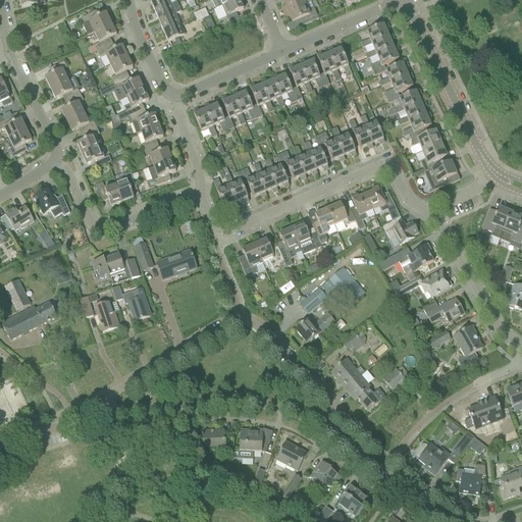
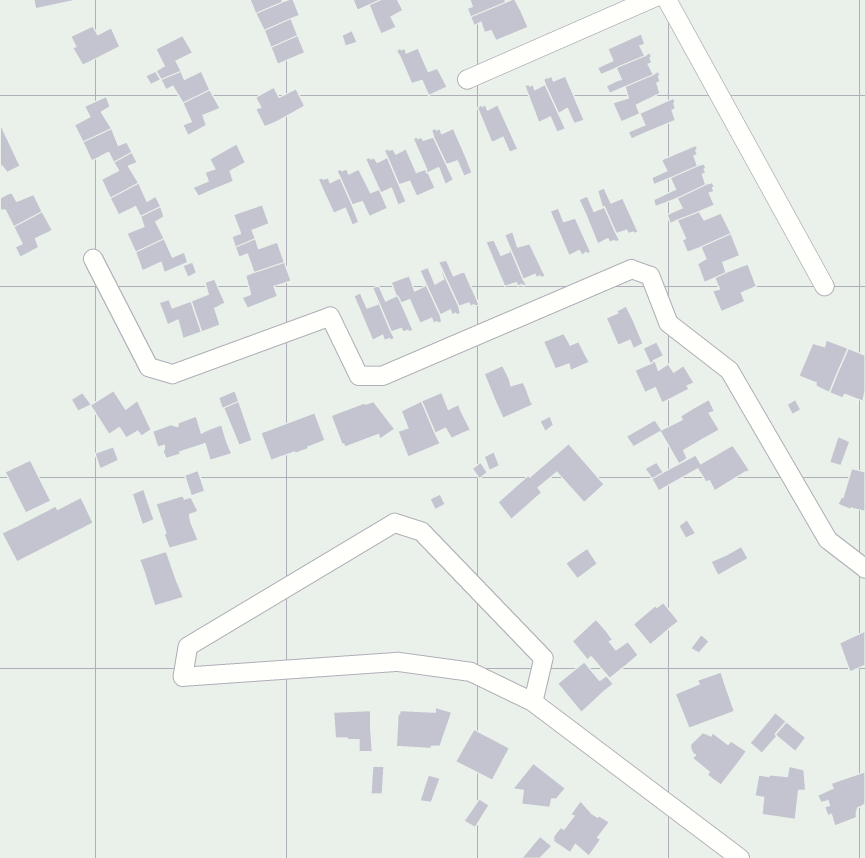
building: [81,9,110,33] -> [71,26,120,65]
building: [299,58,329,90] -> none
building: [383,70,412,101] -> none
building: [271,72,302,101] -> [396,48,447,95]
building: [113,75,143,99] -> [256,87,305,126]
building: [128,109,158,132] -> none
building: [315,127,345,159] -> none
building: [275,146,306,177] -> none
building: [33,187,69,215] -> [90,390,151,438]
building: [352,192,372,228] -> none
building: [4,205,34,229] -> none
building: [312,206,336,243] -> none
building: [277,225,303,265] -> none
building: none -> [331,402,395,447]
building: [124,286,151,319] -> [139,552,183,606]
building: [422,297,464,322] -> none
building: [296,317,326,342] -> none
building: [454,324,482,365] -> none
building: [330,356,364,386] -> [558,662,613,713]
building: [467,395,503,428] -> [675,672,735,728]

